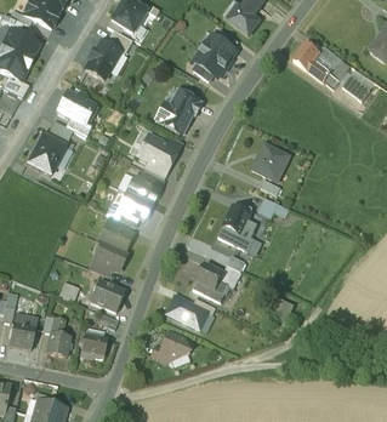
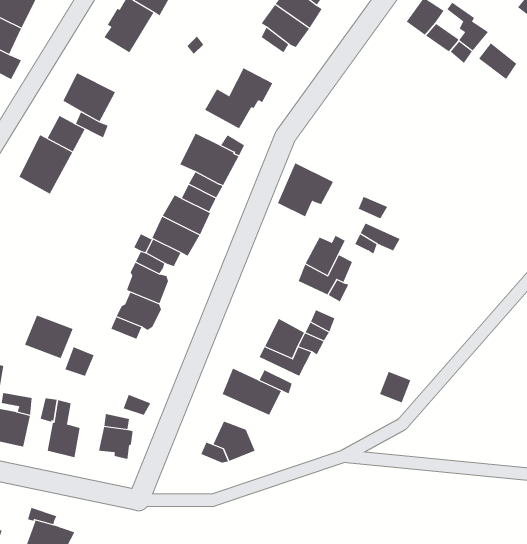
building: [251,141,290,178] -> [277,163,334,217]
building: [90,281,124,312] -> [24,315,74,359]

